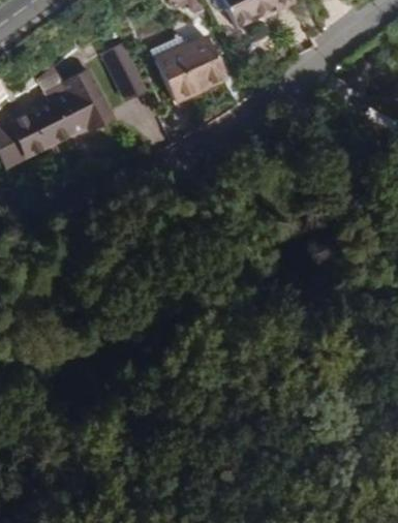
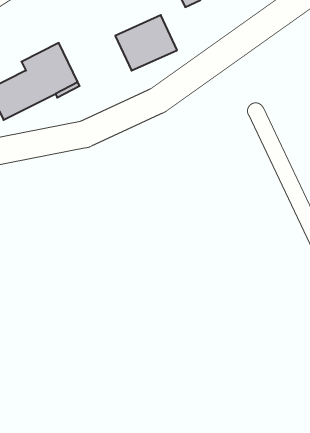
building: [100,40,145,99] -> none

